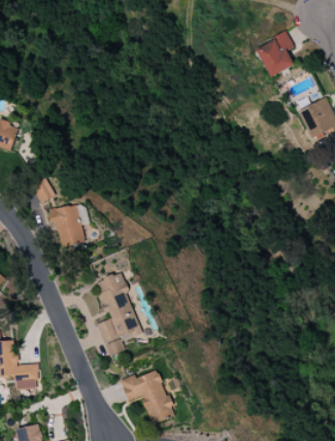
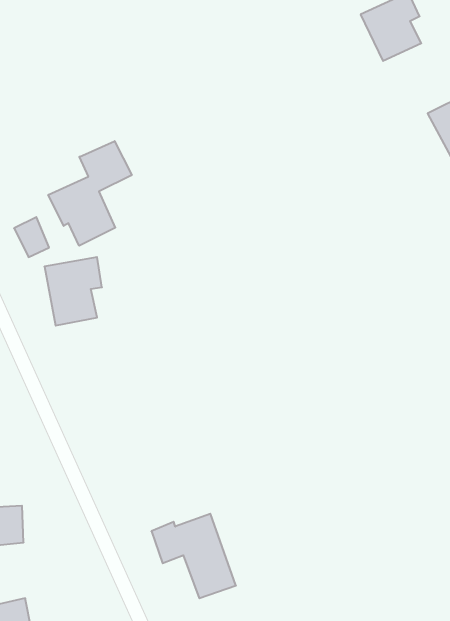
building: none -> [48,141,132,246]
building: [95,272,143,357] -> none

